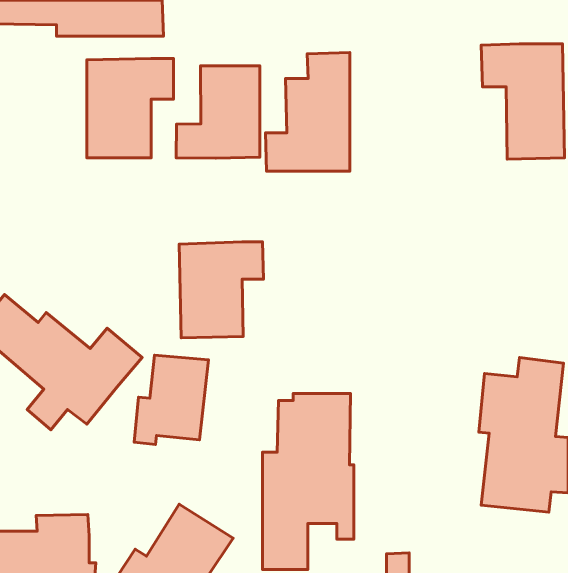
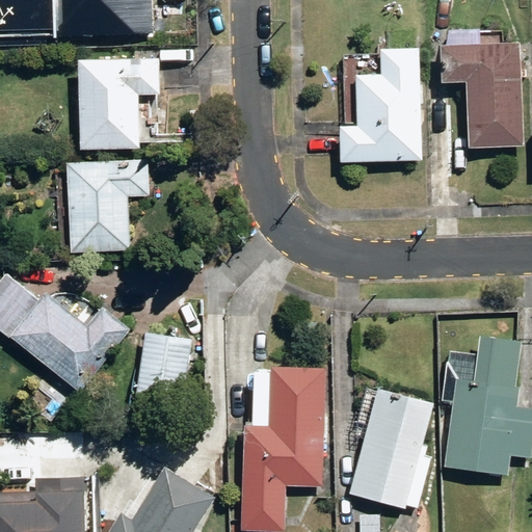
building: [265,53,350,171] -> [342,52,420,161]
building: [176,66,260,158] -> none
building: [179,242,264,338] -> [66,162,144,250]
building: none -> [349,383,432,510]

